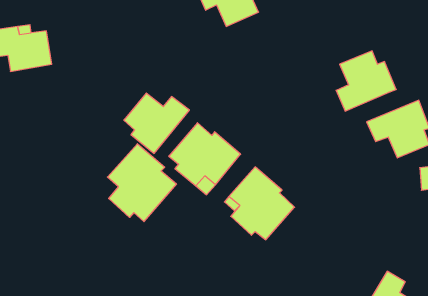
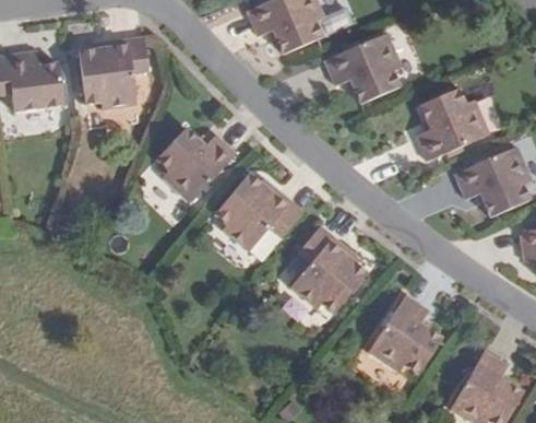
building: none -> [320,33,397,103]
building: none -> [84,40,155,111]
building: [107,144,176,222] -> none
building: none -> [359,292,433,372]

